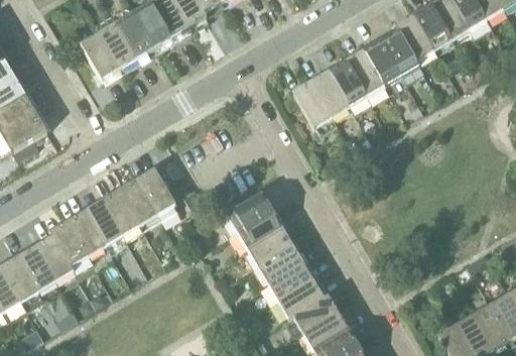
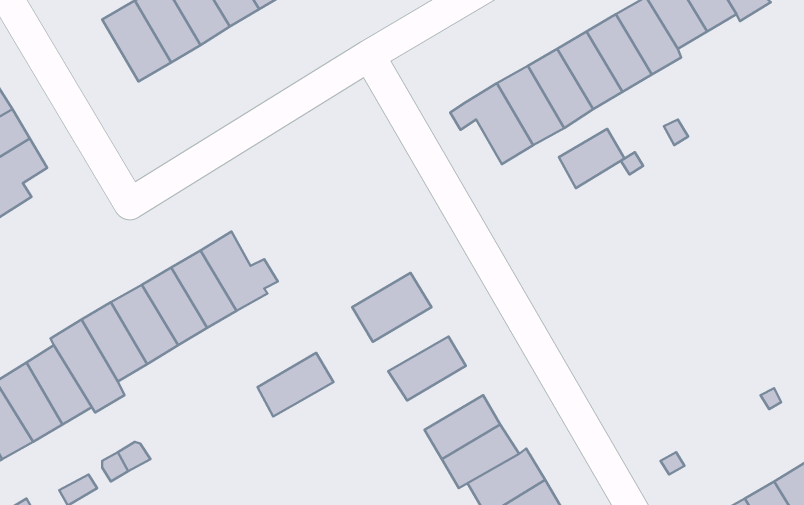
building: none -> [559,129,625,188]
building: [238,211,282,248] -> [258,353,333,416]
building: [258,245,302,282] -> none

